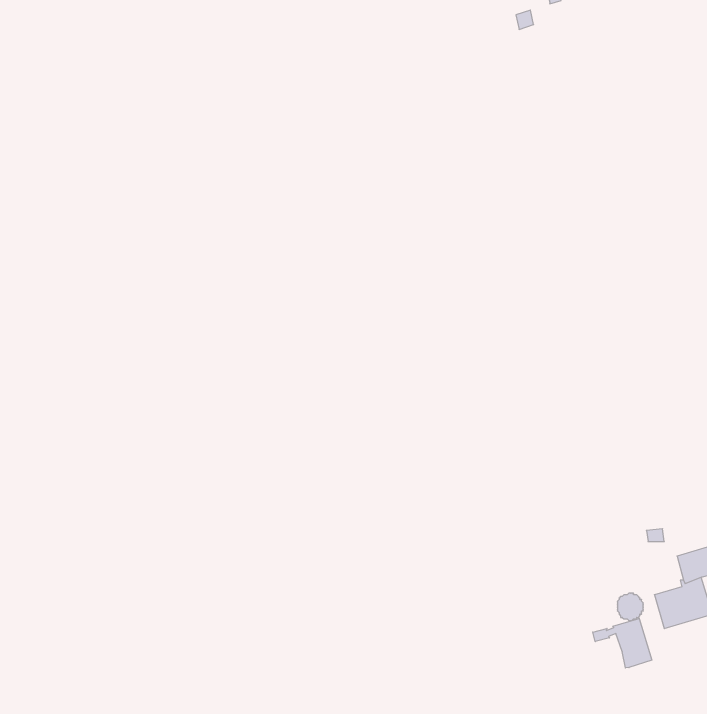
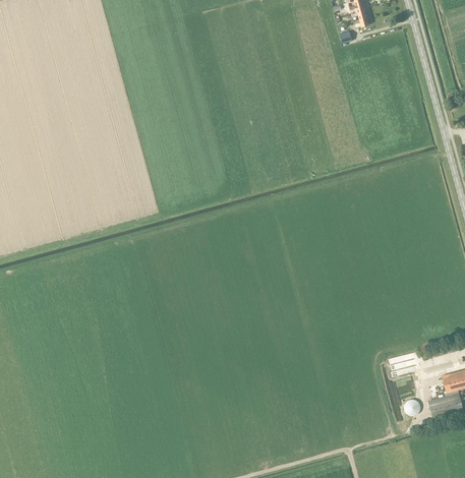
building: [593,618,652,668] -> none

